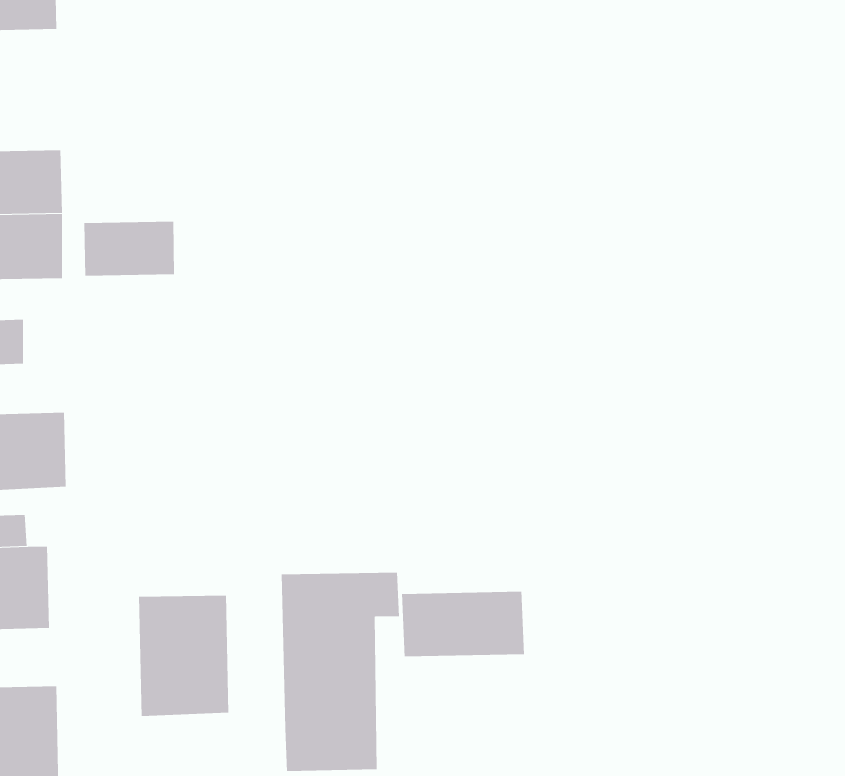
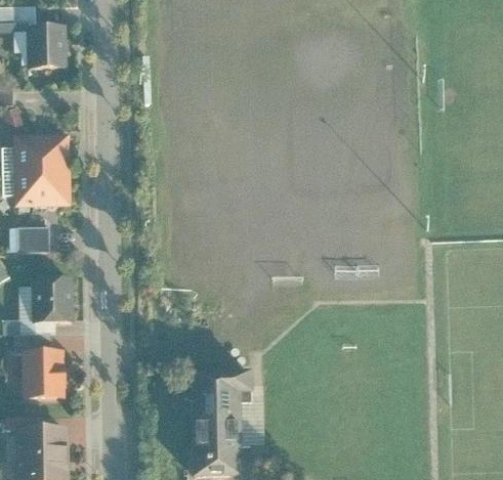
building: [84,221,175,277] -> none
building: [402,591,525,657] -> none
building: [139,595,229,717] -> none

